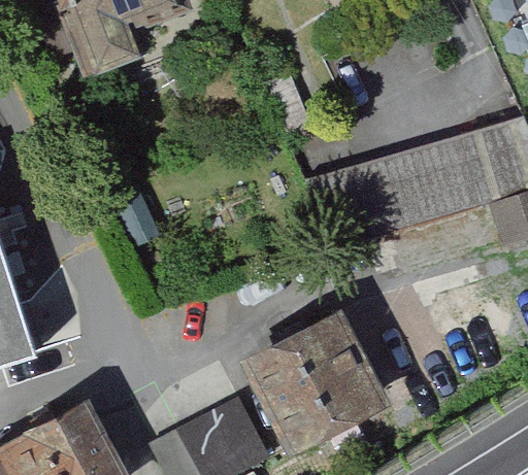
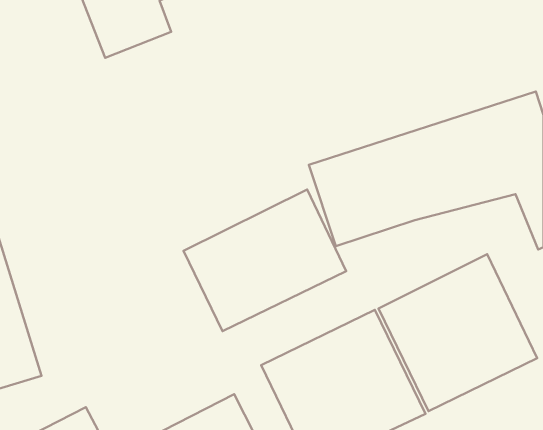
building: none -> [183,190,346,331]
building: none -> [378,254,537,411]

